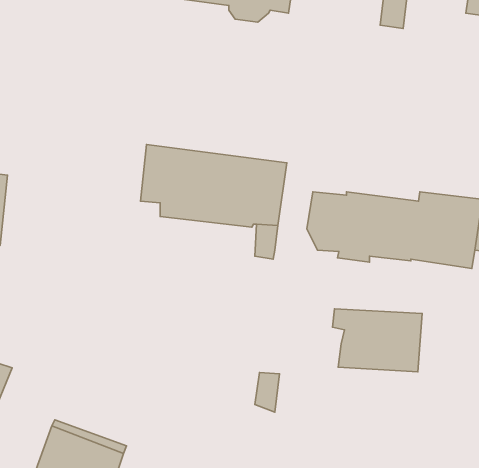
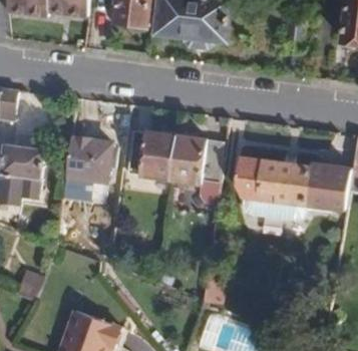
building: none -> [62,137,111,206]
building: [333,309,422,372] -> none

